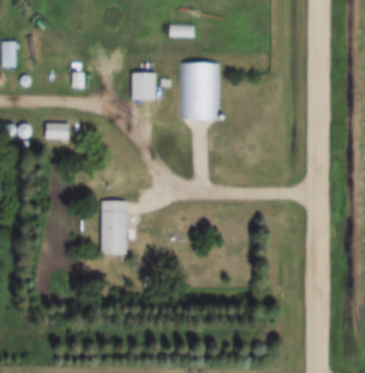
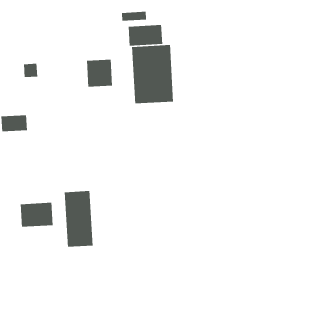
building: none -> [128,24,163,47]
building: none -> [20,202,53,228]

